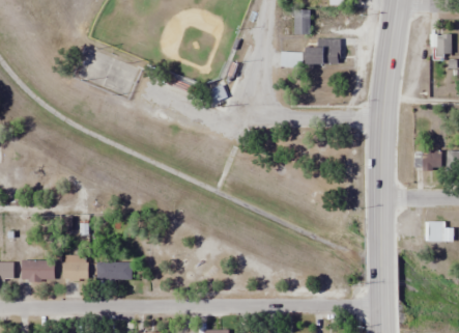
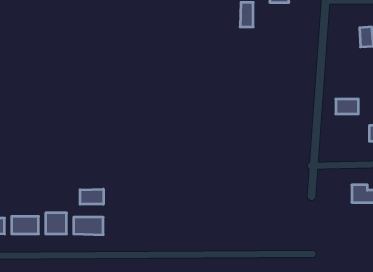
building: [305,38,340,63] -> none
building: [414,151,441,169] -> [336,99,358,114]
building: none -> [80,189,103,204]

